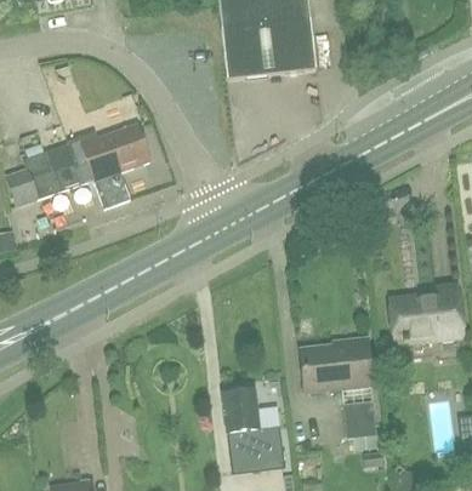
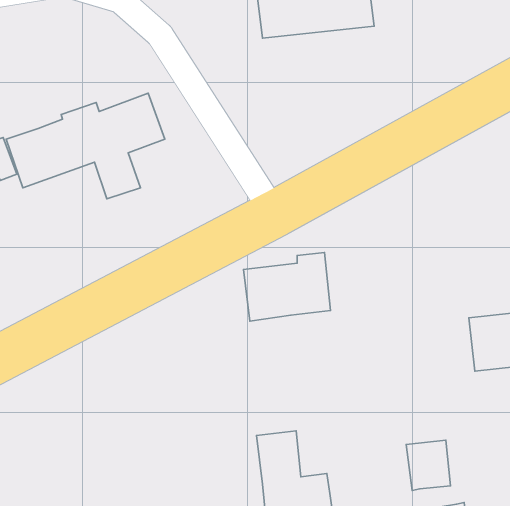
building: [301,336,370,390] -> [244,253,331,321]

